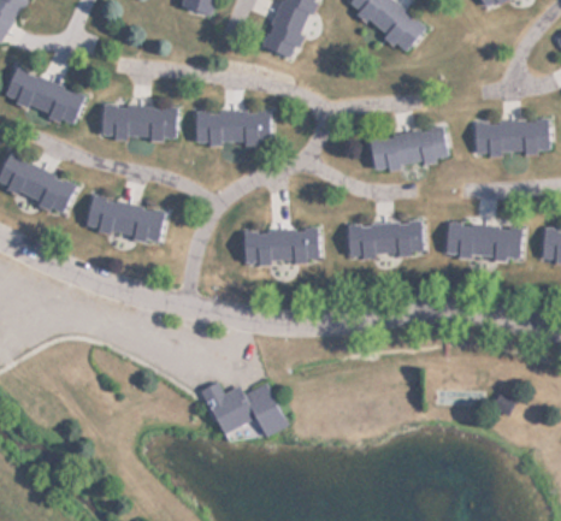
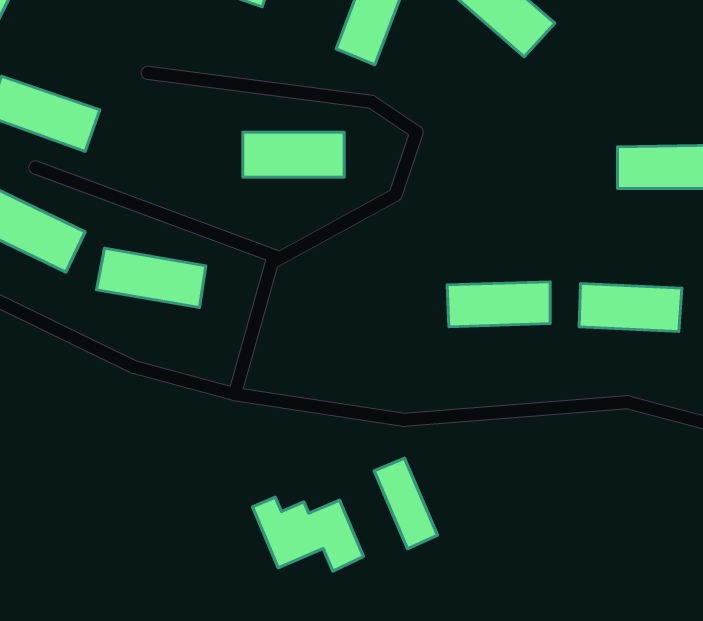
building: [99,105,177,138] -> none
building: [367,126,447,168] -> none
building: [240,229,319,262] -> none
building: none -> [374,458,437,549]

